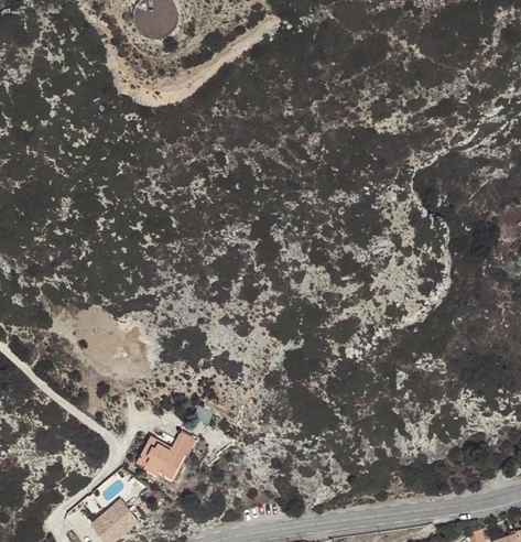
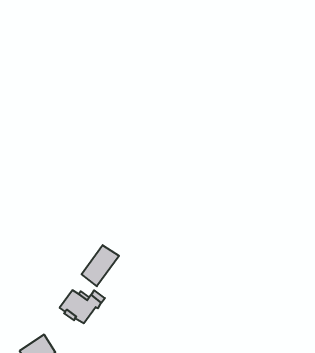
building: none -> [82,245,119,286]

